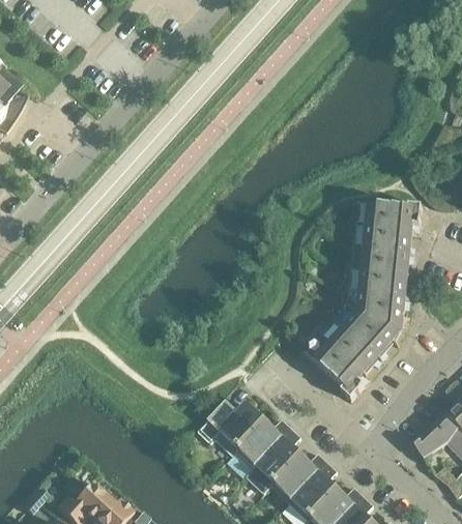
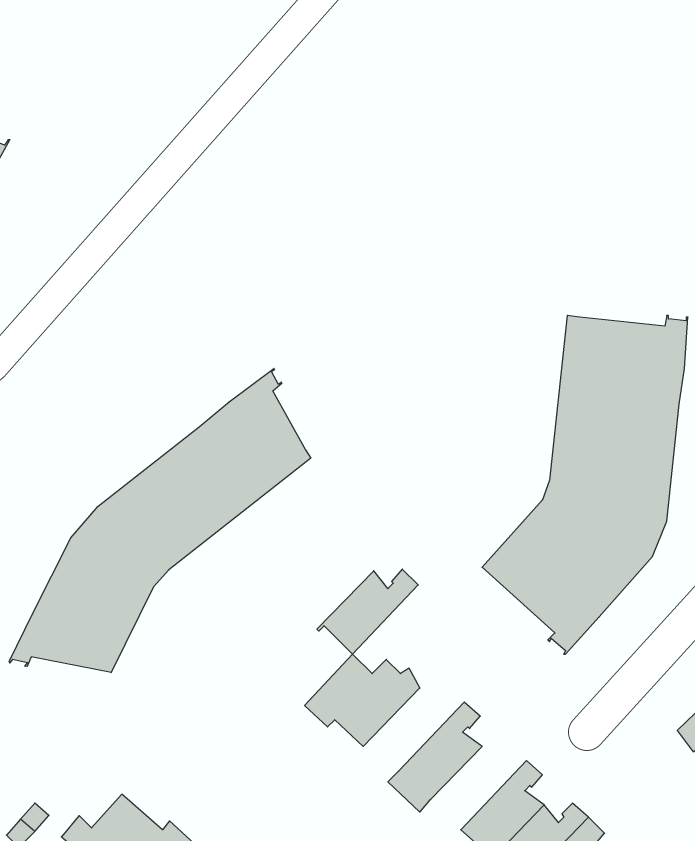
building: none -> [9,368,311,673]
building: [232,418,291,468] -> [317,569,418,654]
building: [271,453,327,502] -> none

